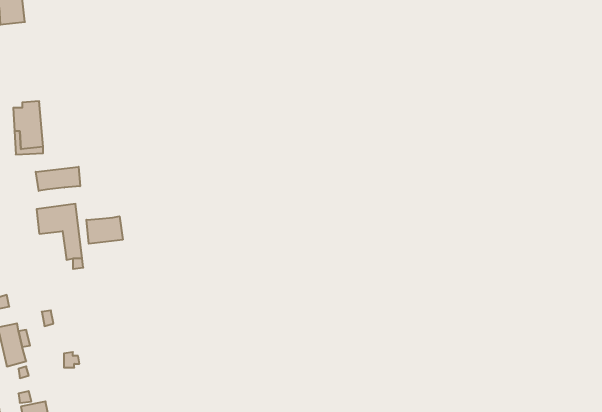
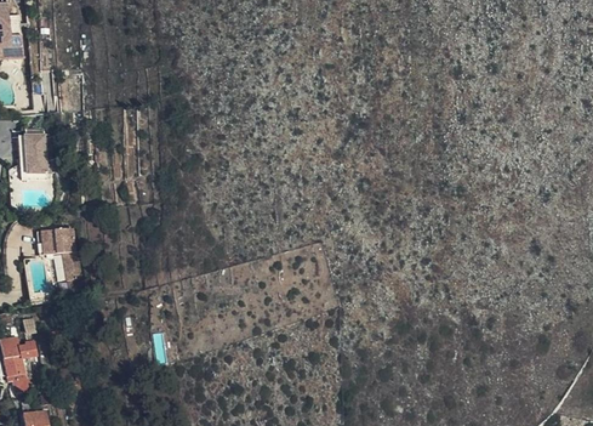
building: [36,167,80,191] -> none
building: [86,216,123,244] -> none

